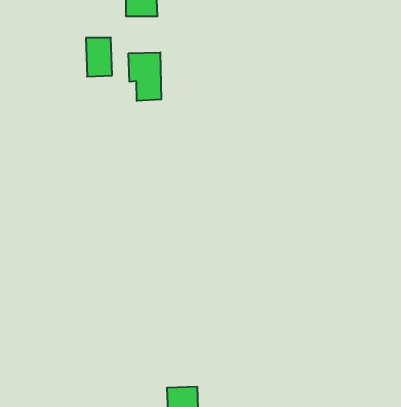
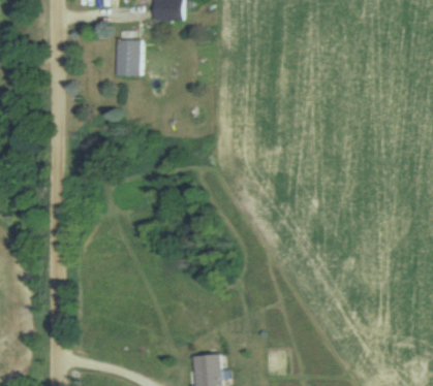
building: [129,52,161,101] -> none

